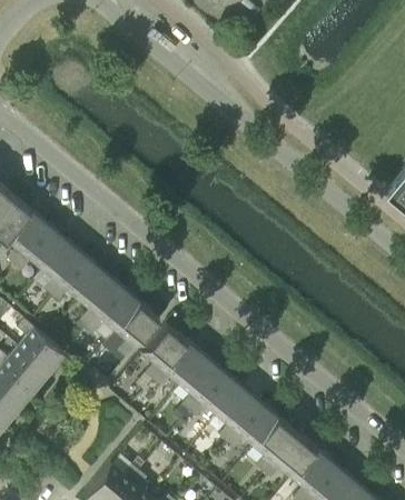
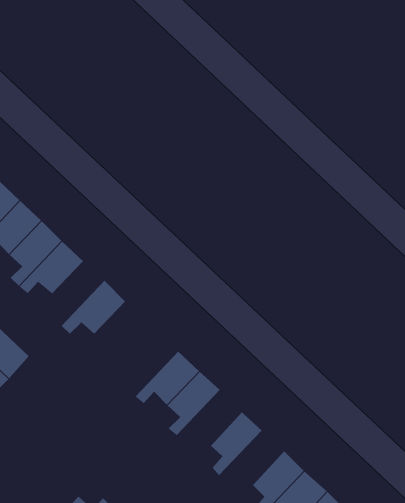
building: [81,273,124,328] -> none
building: [118,304,161,360] -> none
building: [144,326,188,382] -> none
building: [191,372,244,419] -> none
building: [228,403,280,450] -> none

